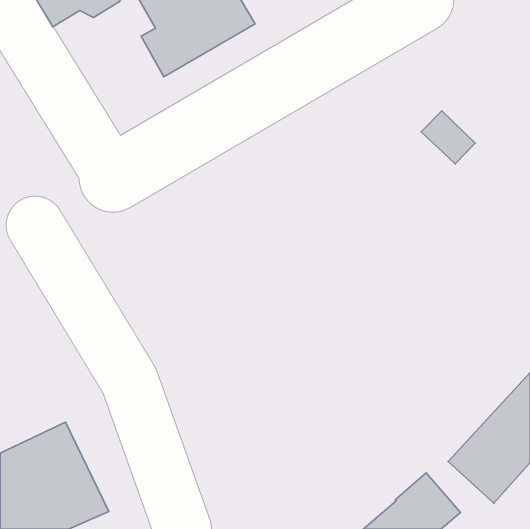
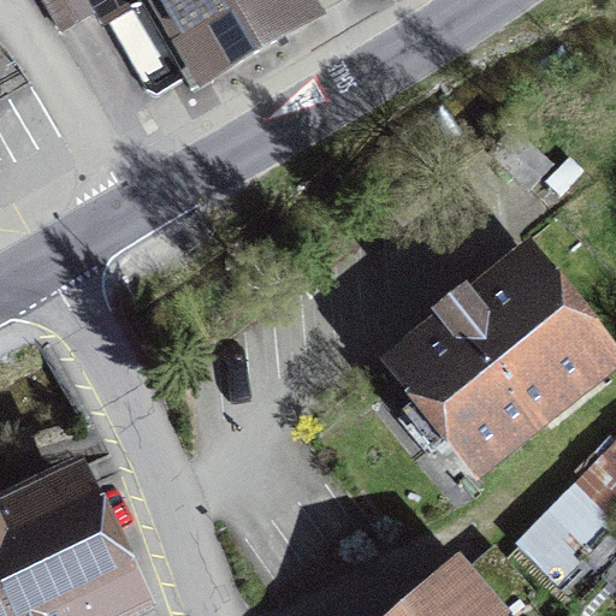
building: none -> [407,273,598,456]

